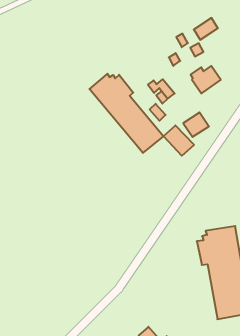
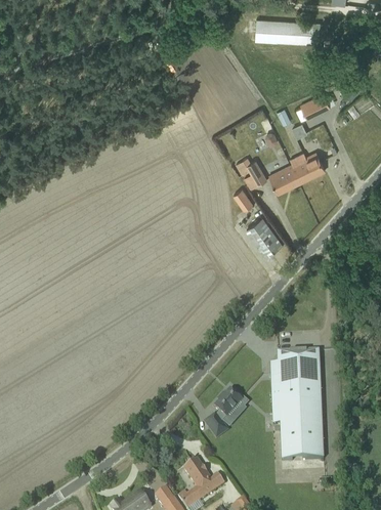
building: [89,74,163,153] -> none
building: [183,112,209,137] -> [268,166,299,195]
building: none -> [204,390,248,439]

